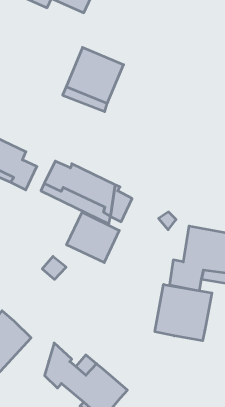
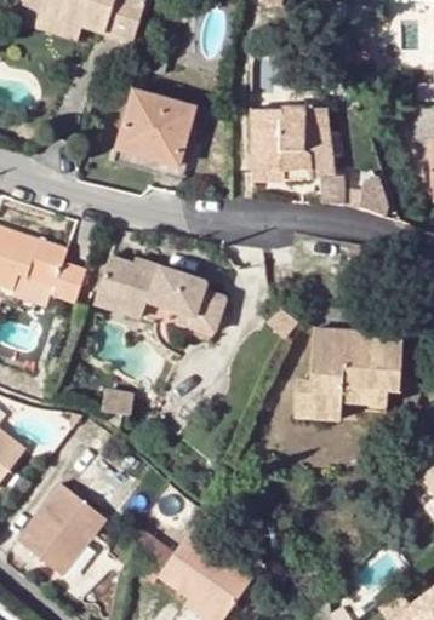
building: none -> [251,110,342,202]
building: [67,212,119,263] -> none
building: [155,284,212,341] -> none

